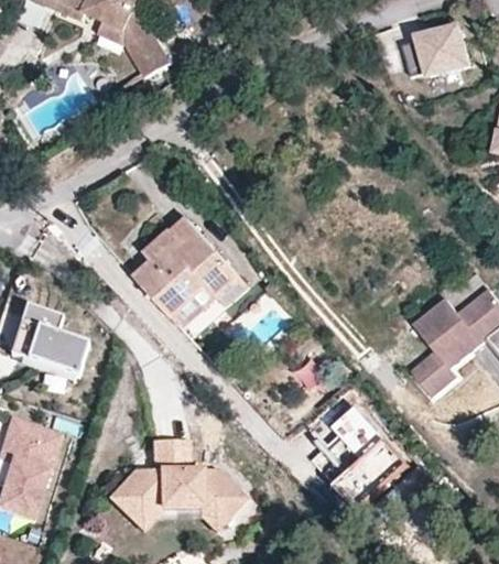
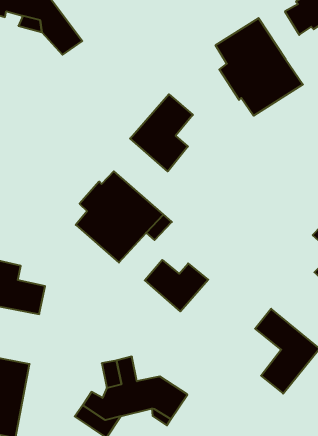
building: none -> [216,18,303,116]
building: none -> [130,94,193,171]
building: none -> [145,260,208,311]

